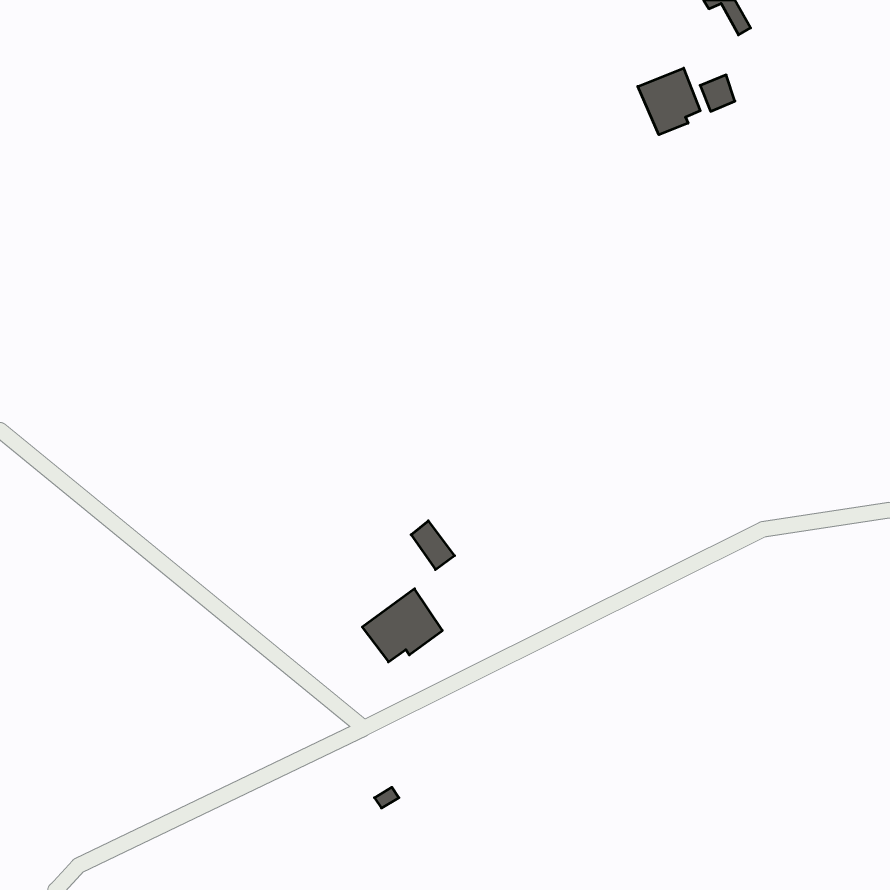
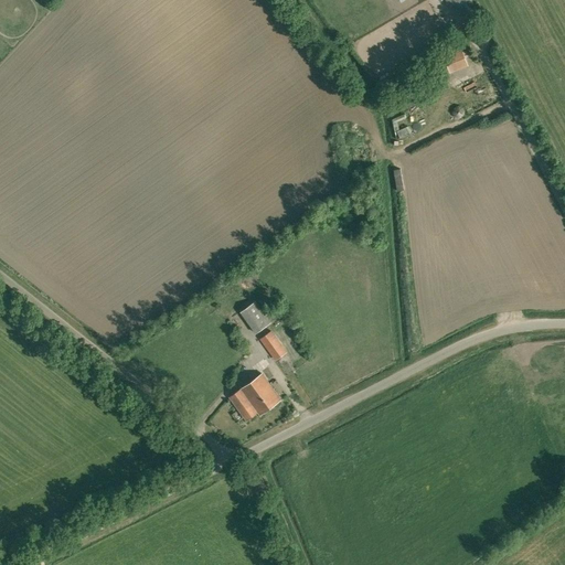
building: [638,68,700,135] -> none
building: none -> [241,301,270,333]

